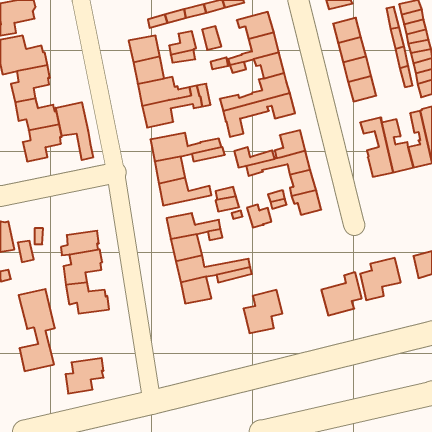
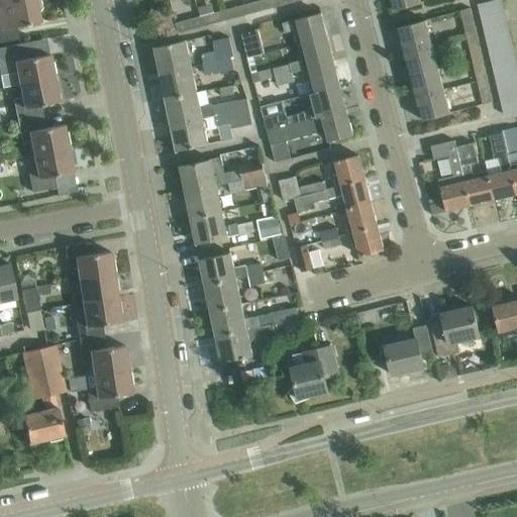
building: [56,102,93,160] -> none
building: none -> [65,242,116,281]
building: [65,358,104,394] -> [87,370,132,412]

